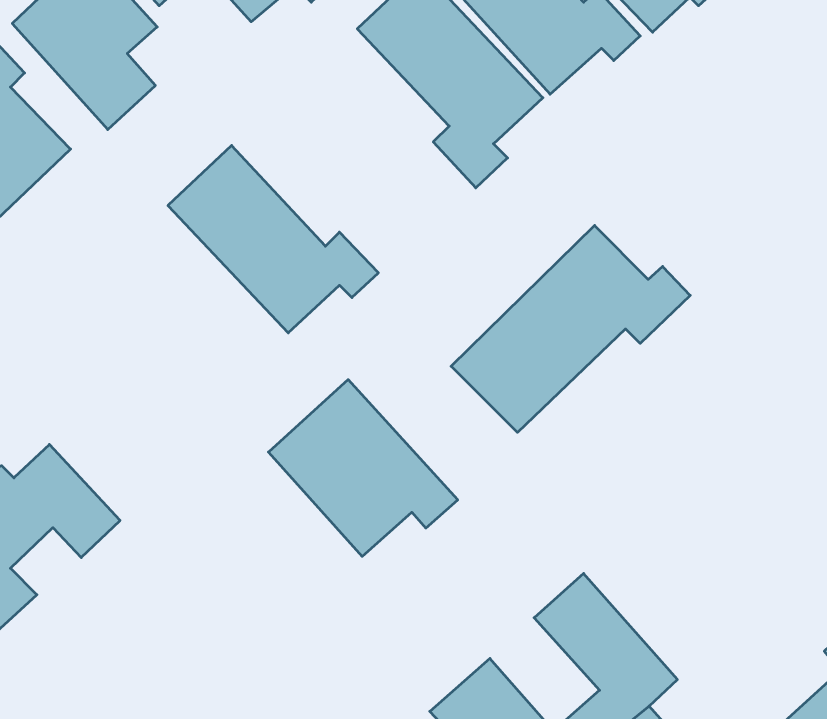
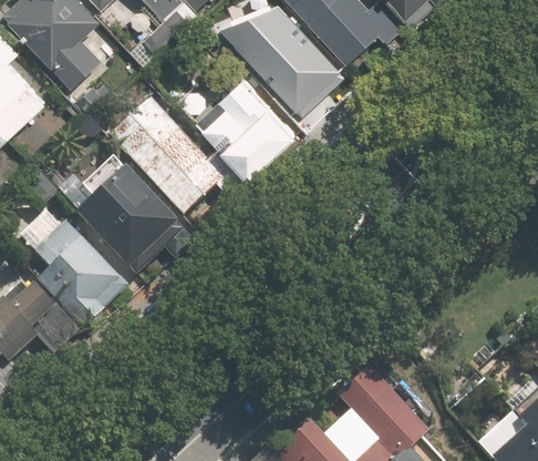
building: none -> [200,76,296,178]
building: [451,225,690,432] -> none
building: none -> [33,222,125,328]
building: [268,380,458,556] -> [74,166,193,277]

